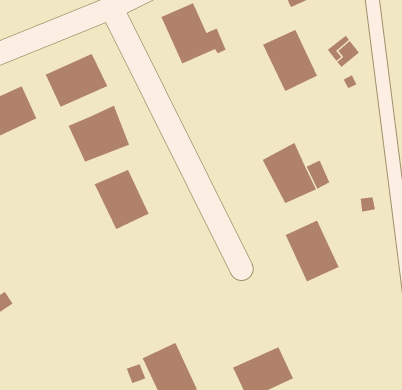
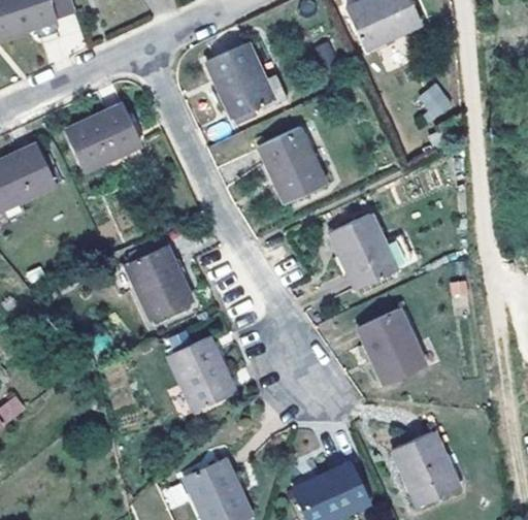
building: [262,29,318,92] -> [258,127,326,203]
building: [68,105,130,162] -> none
building: none -> [168,335,234,411]
building: none -> [392,430,458,505]

